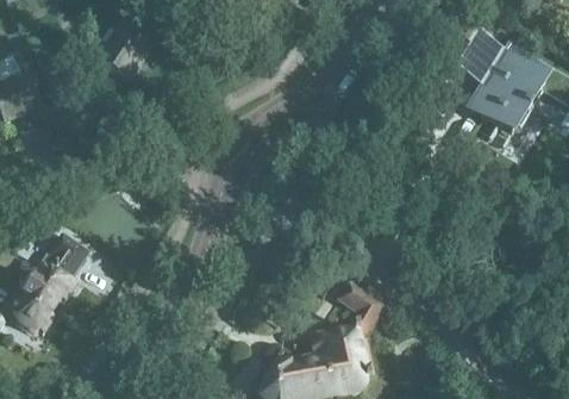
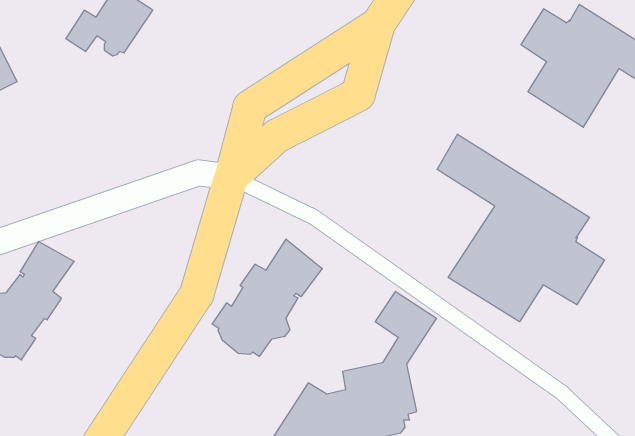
building: none -> [437,134,605,322]
building: none -> [212,239,322,356]

